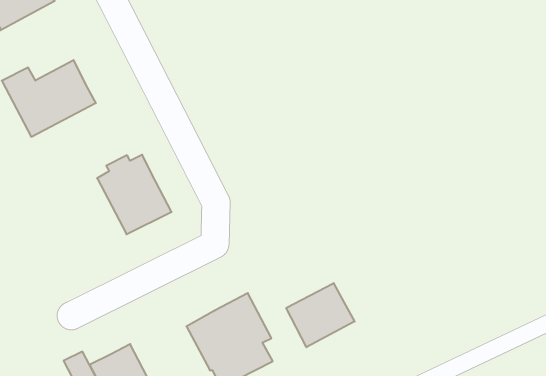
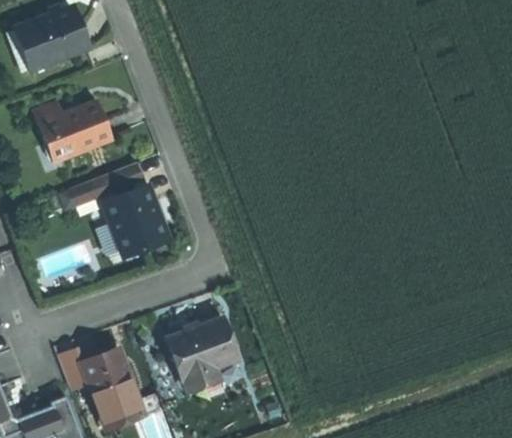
building: none -> [68,163,144,208]
building: [286,283,355,347] -> none

